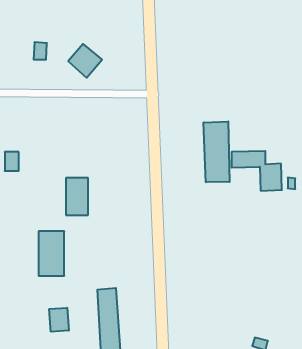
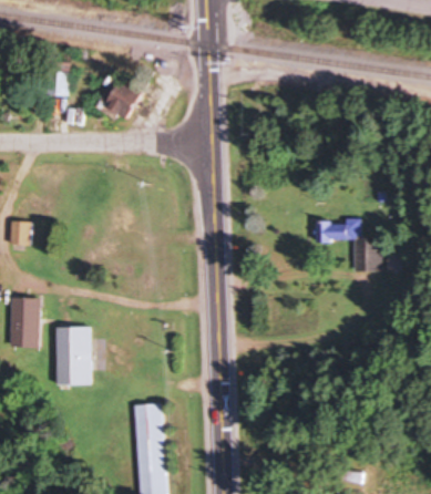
building: [204,121,230,182] -> none
building: [66,178,88,215] -> [11,299,41,349]
building: [49,308,69,332] -> none

